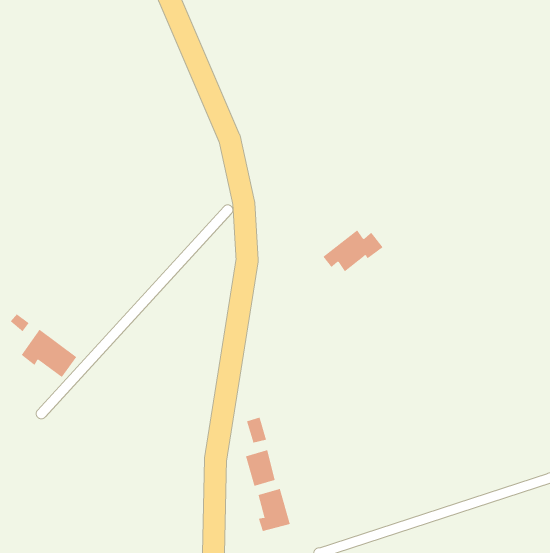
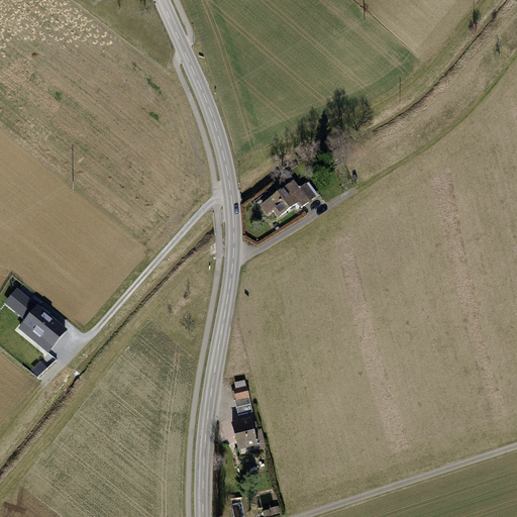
building: [323,230,384,272] -> [258,179,315,218]
building: [258,488,290,532] -> none

